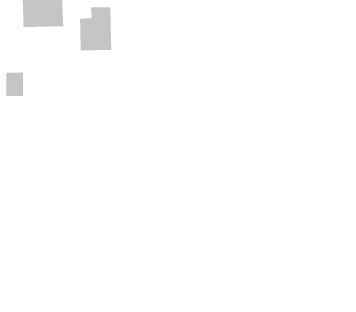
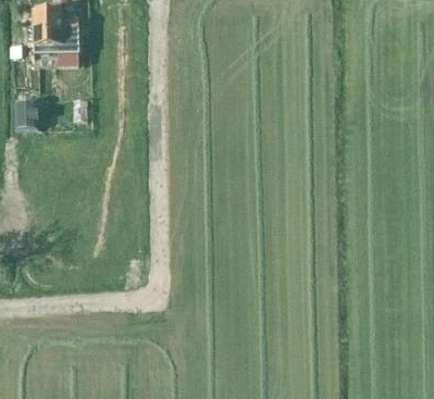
building: [79,7,112,51] -> none

